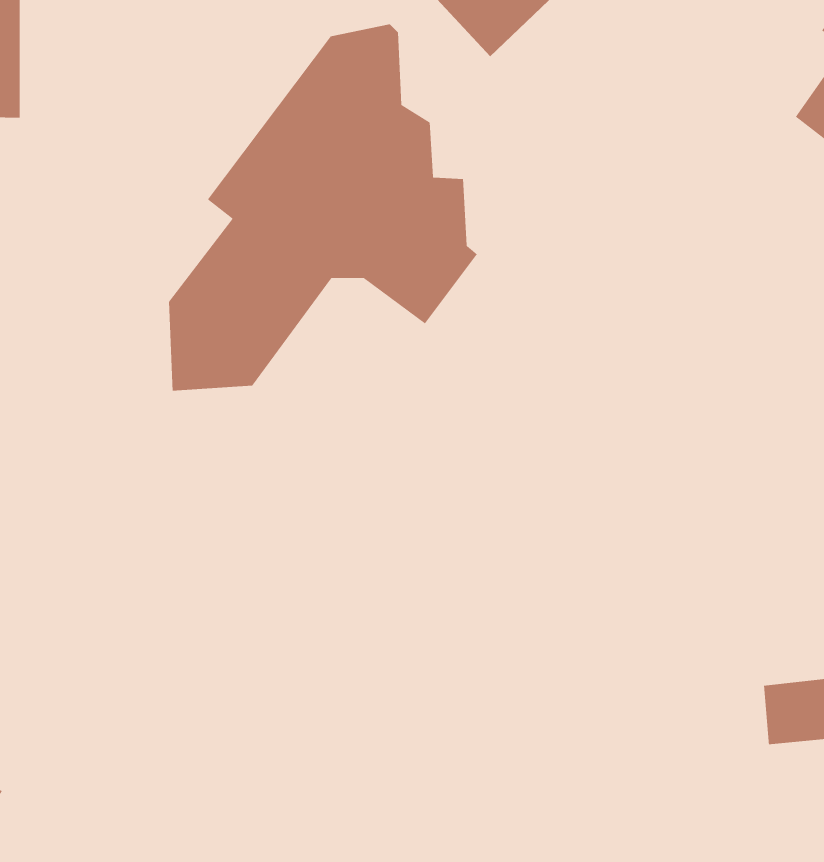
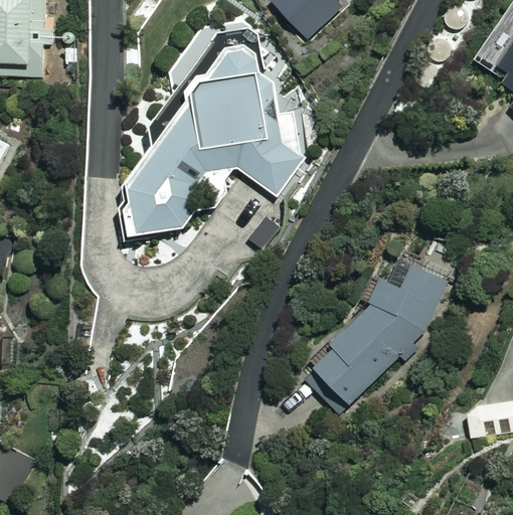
building: none -> [298,247,462,408]

